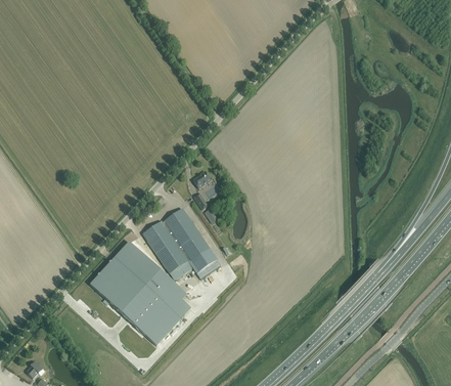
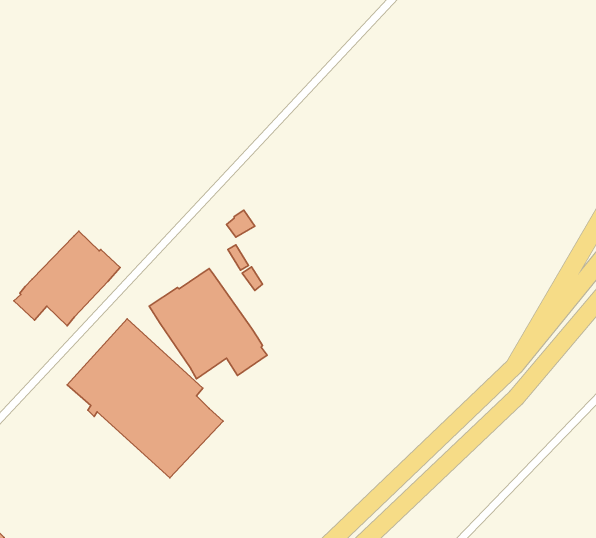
building: none -> [14,231,120,326]

